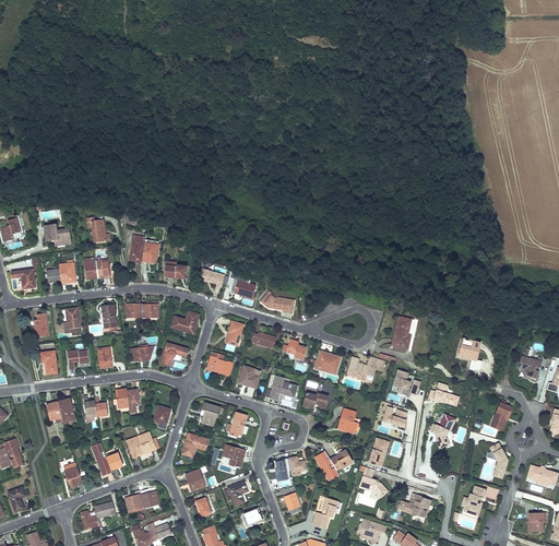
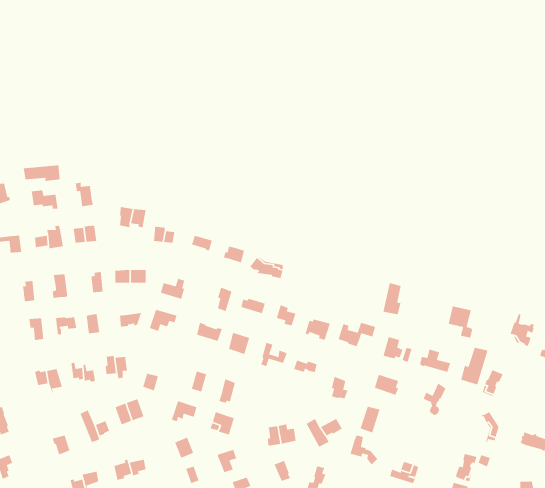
building: none -> [23,164,60,182]
building: none -> [460,347,488,386]

